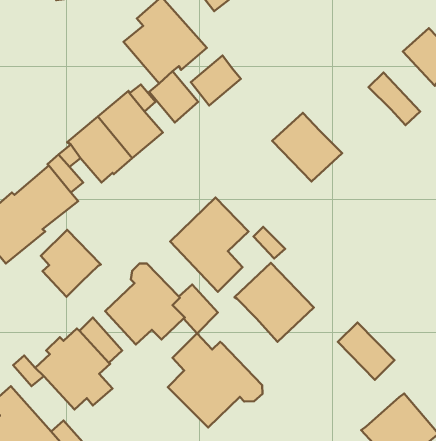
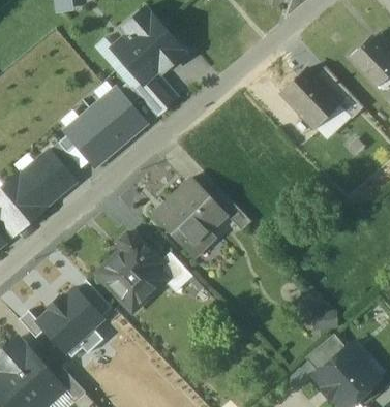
building: [191,55,241,105] -> none
building: [272,113,342,181] -> [280,70,339,128]
building: [41,230,101,297] -> none
building: [234,263,314,342] -> none
building: [168,333,262,427] -> none
building: none -> [306,334,347,372]

